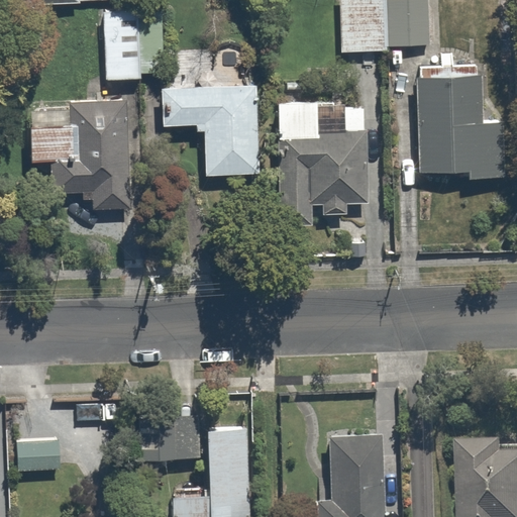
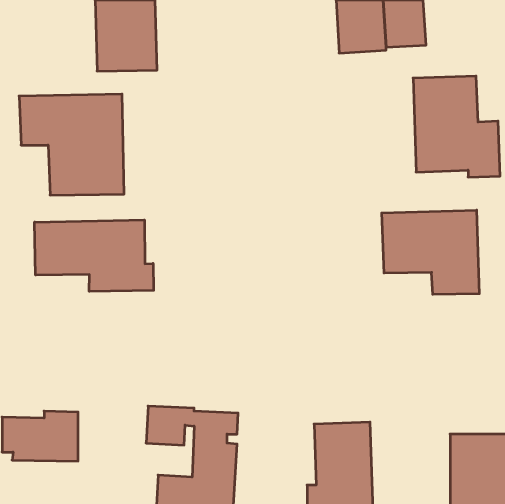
building: [157,82,261,171] -> none
building: [274,93,369,224] -> none
building: none -> [382,210,479,294]
building: none -> [35,220,154,291]

